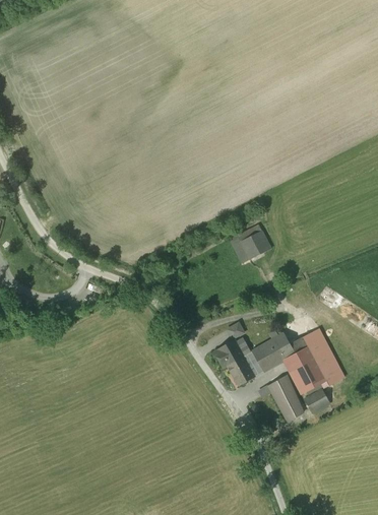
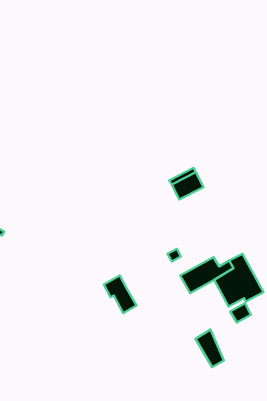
building: [214,340,254,386] -> [104,275,136,313]
building: [267,375,302,421] -> [196,330,224,367]

